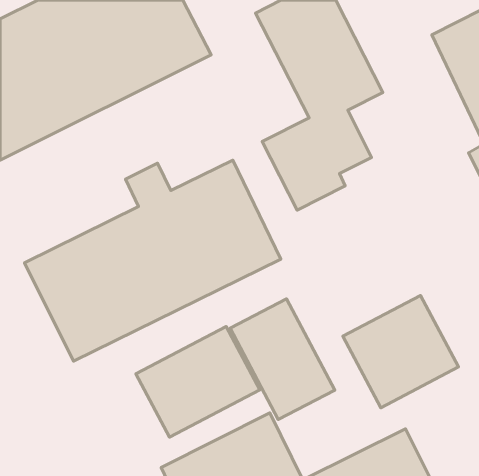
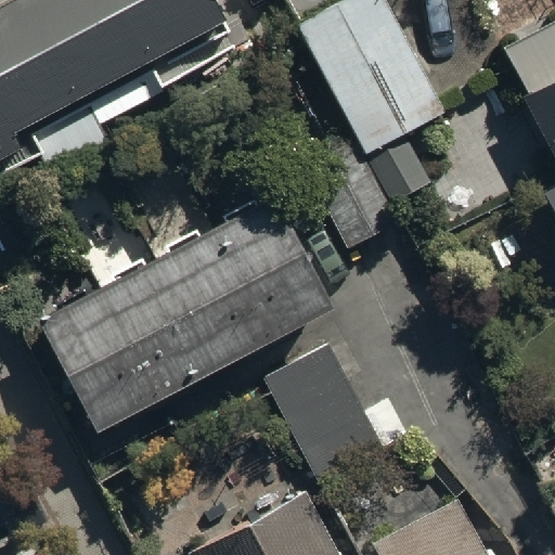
building: [343,296,458,408] -> none
building: [136,326,260,437] -> none

